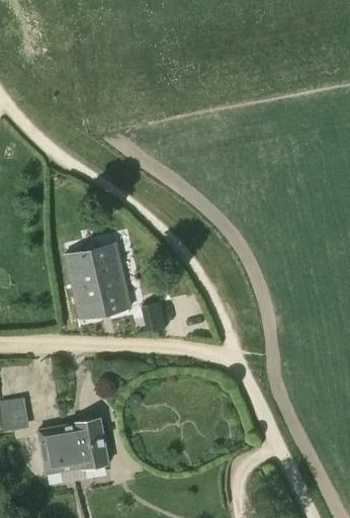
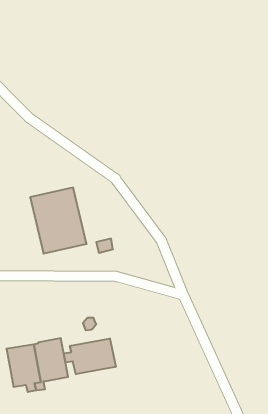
building: none -> [64,338,116,374]

